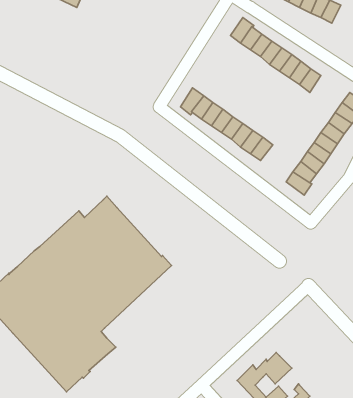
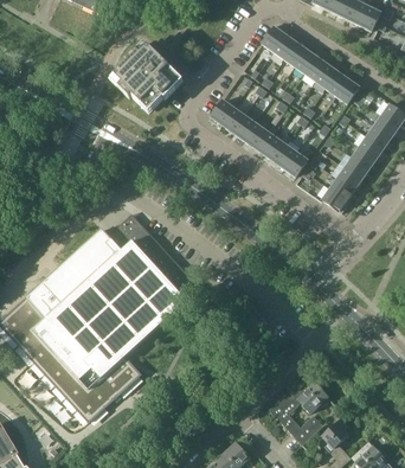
building: none -> [111,43,180,109]

